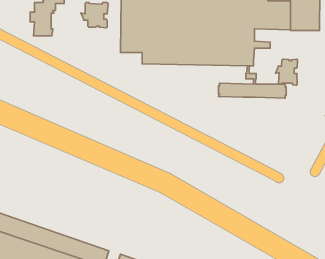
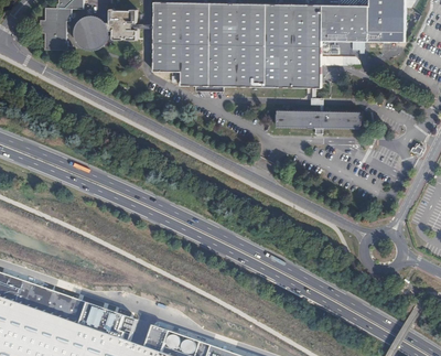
building: none -> [76,18,106,48]
building: [276,59,298,85] -> none

